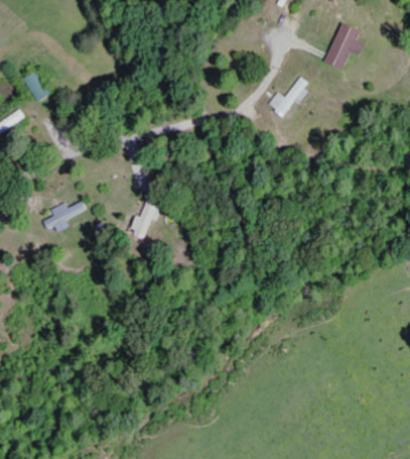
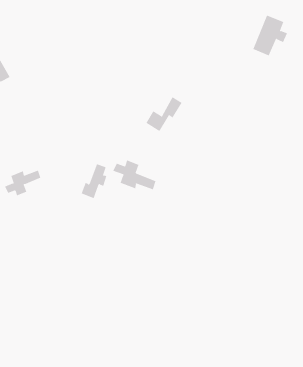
building: [268,77,310,117] -> [146,97,183,132]
building: none -> [113,159,156,190]

